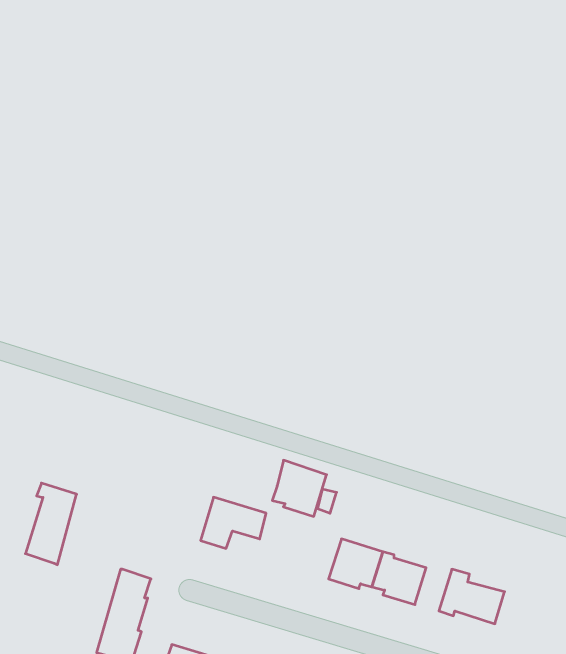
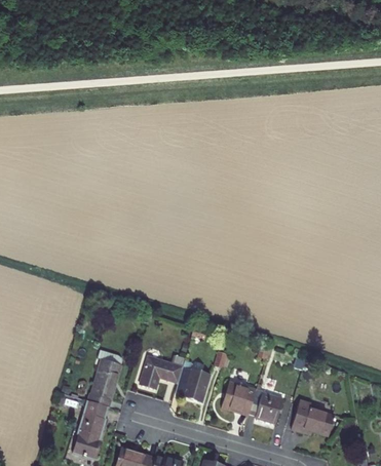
building: [272,460,327,516] -> [174,364,208,400]
building: [25,483,77,565] -> [88,355,121,407]

